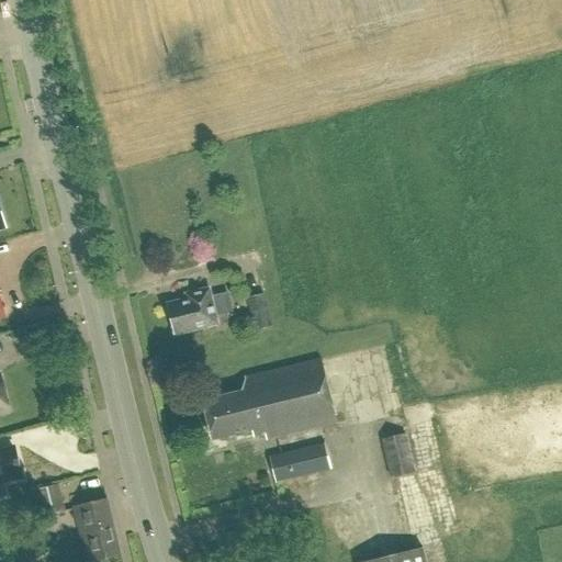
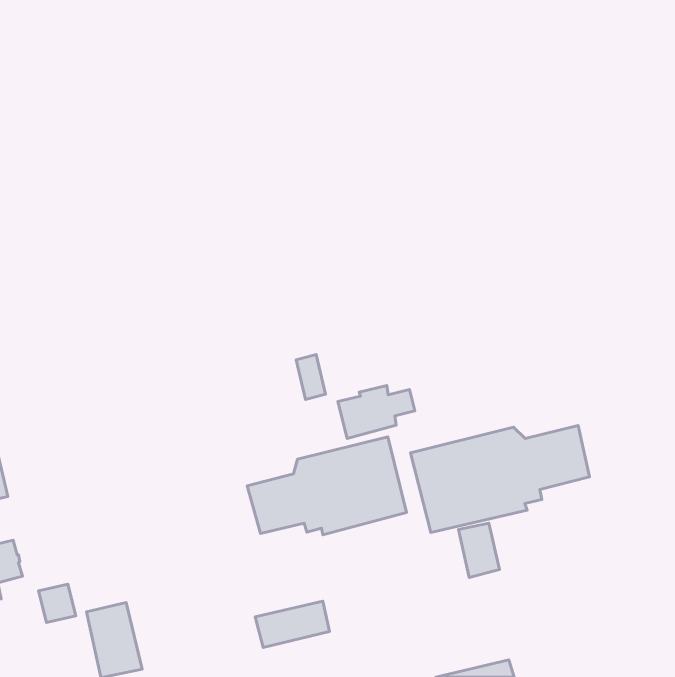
building: [168,291,232,335] -> [338,385,415,439]
building: none -> [410,426,589,533]
building: [267,442,328,481] -> [255,601,330,647]

